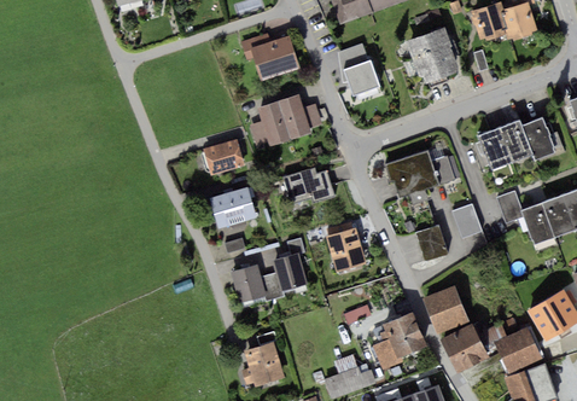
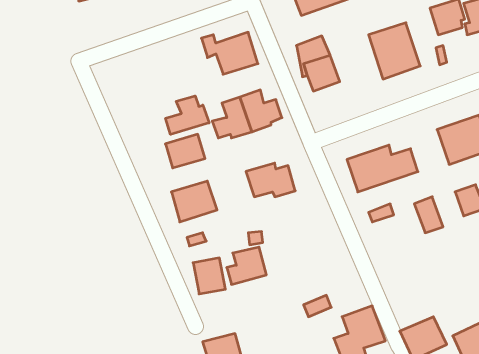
building: none -> [166,96,209,134]
building: [415,223,449,260] -> none
building: [324,226,365,269] -> none
building: [422,285,467,332] -> none

